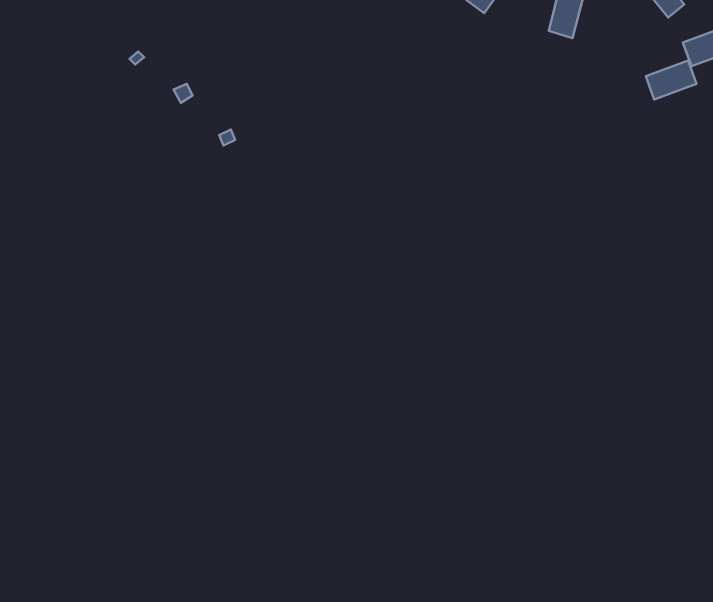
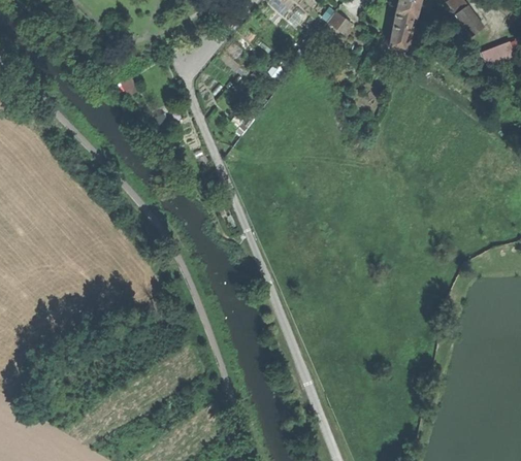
building: [646,61,697,99] -> none

